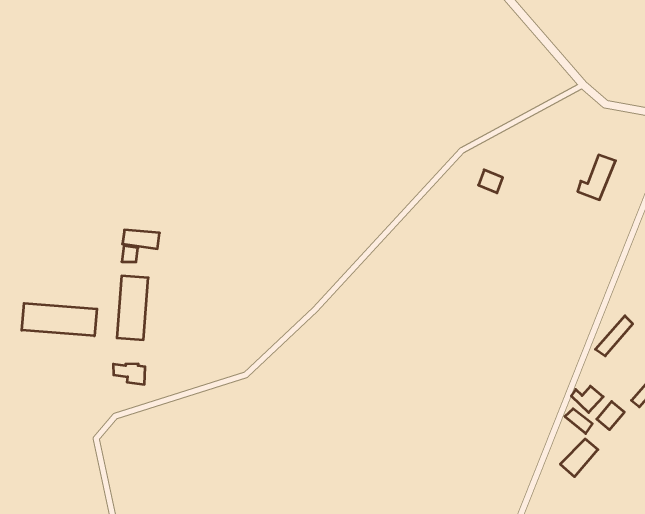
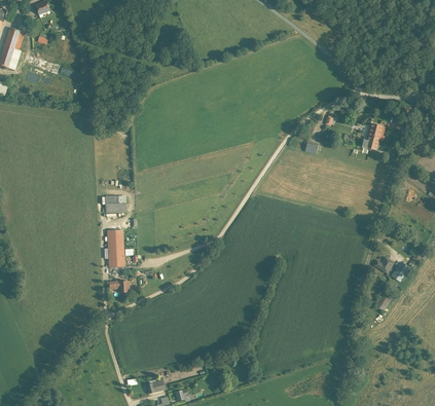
building: [22,303,97,336] -> none

